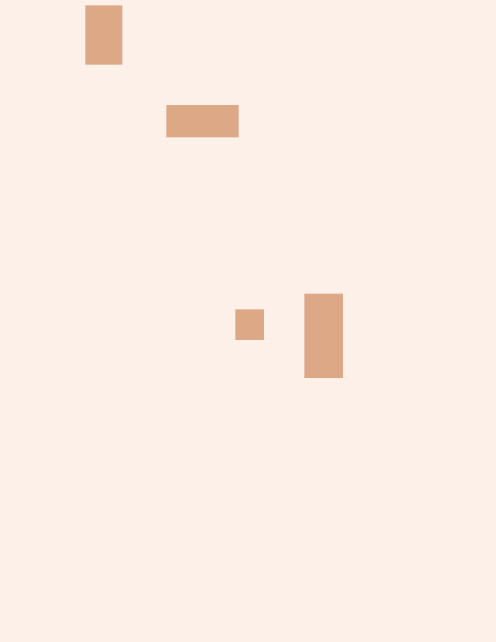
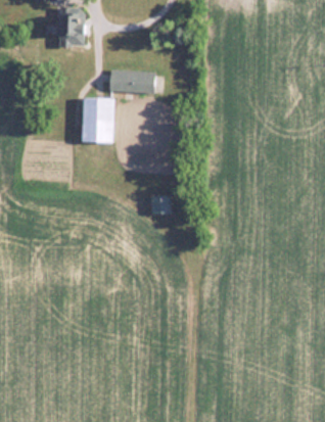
building: none -> [83,98,113,143]
building: [303,293,344,379] -> none

